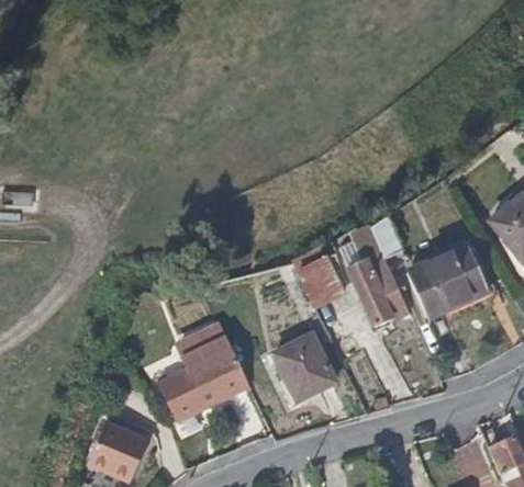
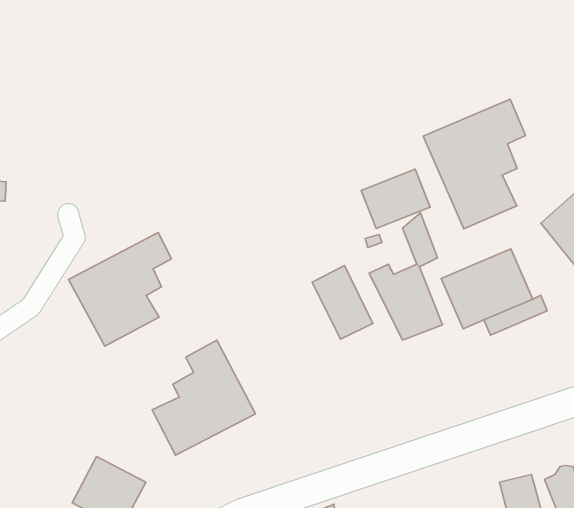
building: none -> [423,99,525,229]
building: none -> [361,169,430,228]
building: none -> [69,232,172,346]
building: [269,330,332,398] -> none

